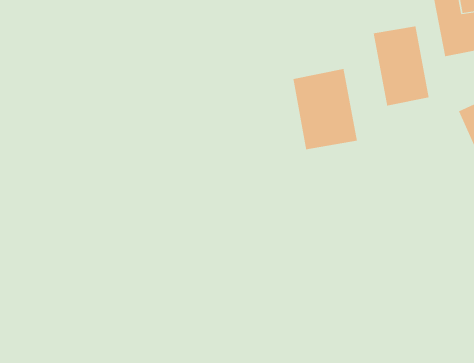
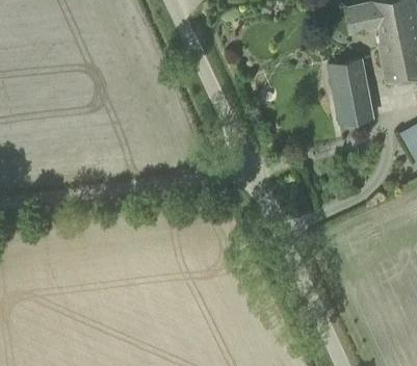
building: [293,68,357,150] -> none

